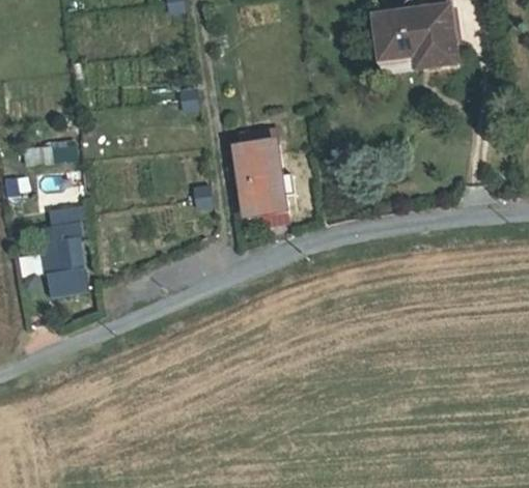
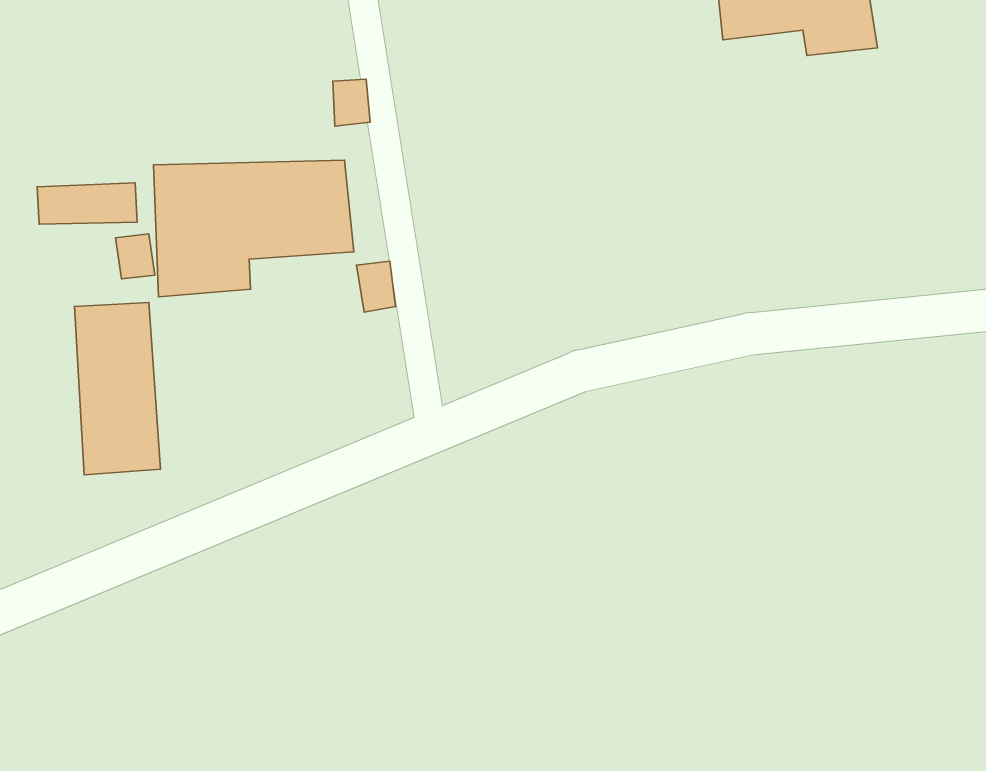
building: none -> [153,160,354,297]
building: [236,139,285,211] -> none

